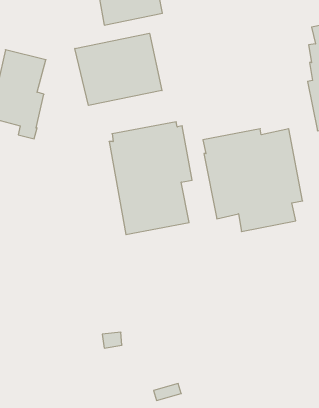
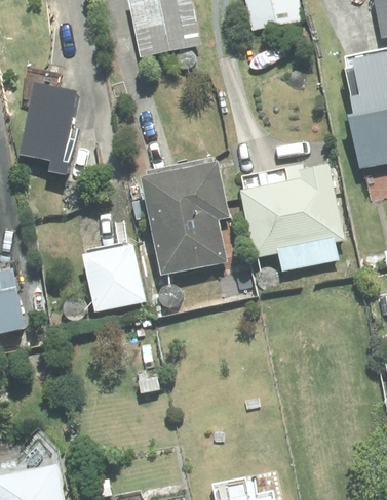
building: [75,33,162,105] -> none
building: none -> [83,245,144,311]

